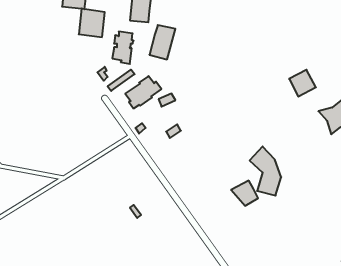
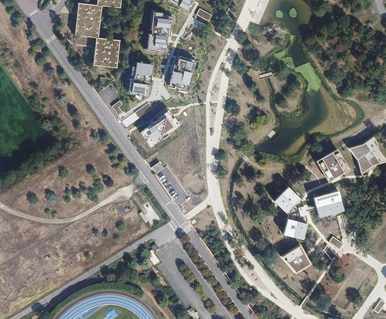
building: [289,70,316,97] -> [319,153,348,182]
building: none -> [315,191,345,216]
building: [231,181,258,206] -> [283,245,312,272]

